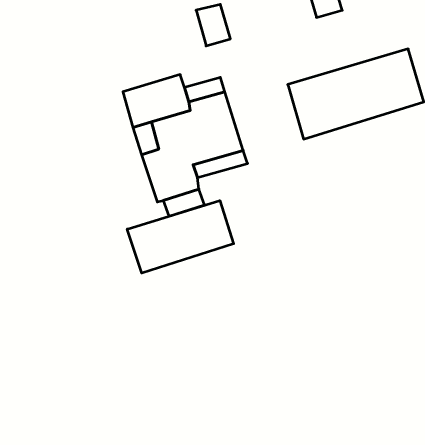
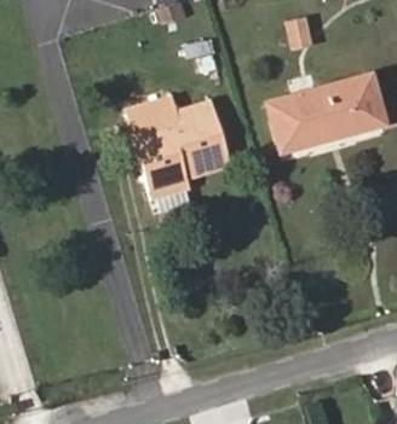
building: [127,201,234,273] -> none

